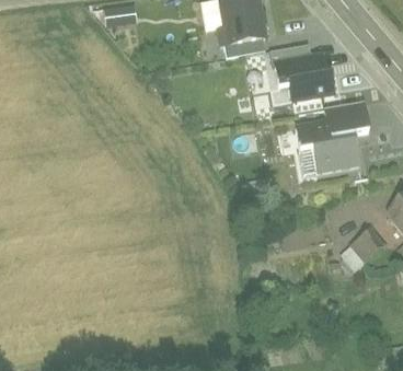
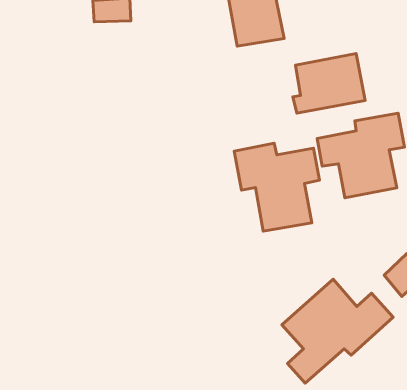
building: none -> [234,143,320,231]
building: none -> [282,279,393,383]

